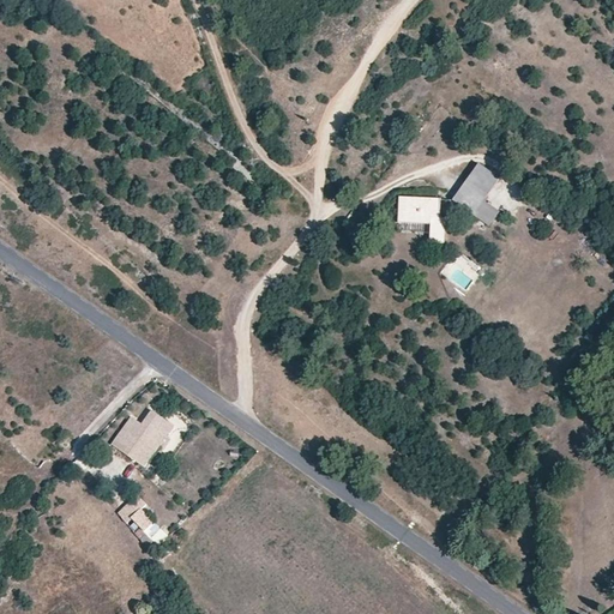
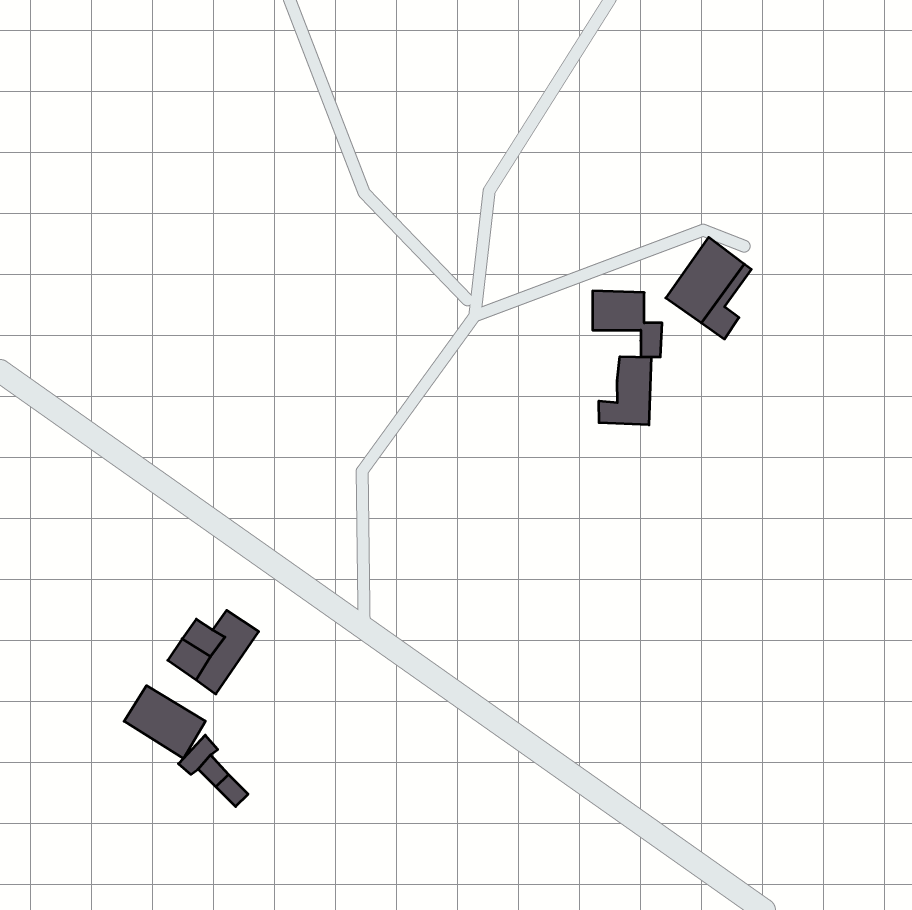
building: none -> [599,357,651,425]
building: none -> [124,686,205,758]

